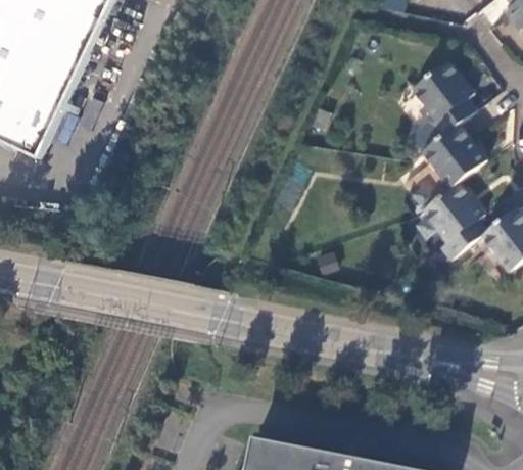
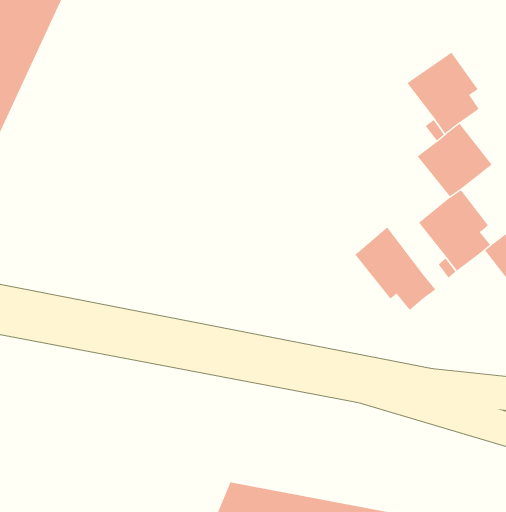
building: none -> [355,227,436,311]

